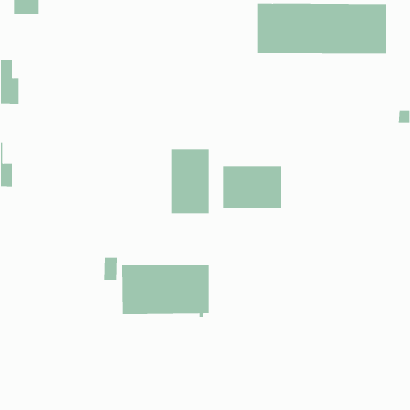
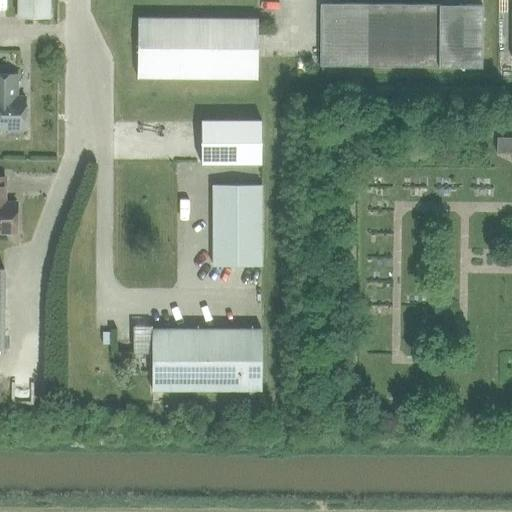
building: none -> [137,17,258,79]
building: none -> [200,121,261,164]
building: [223,165,281,209] -> none

